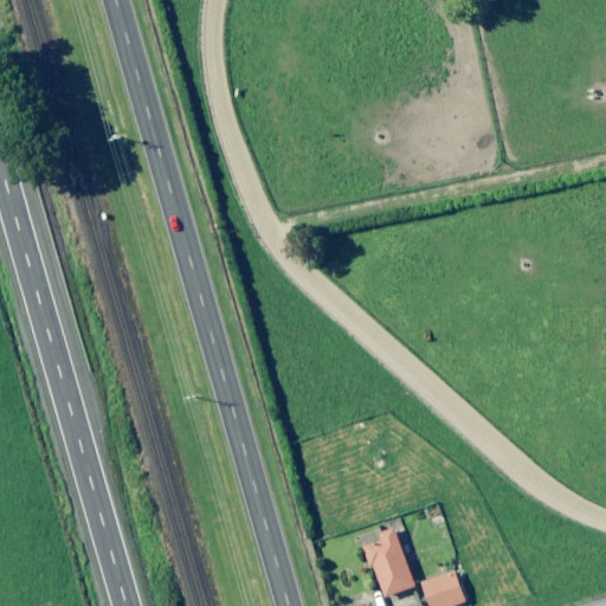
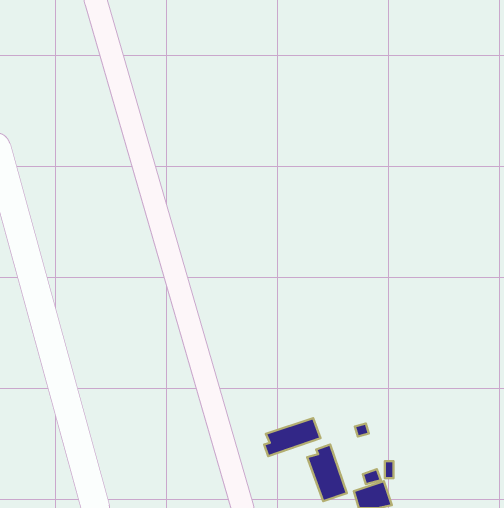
building: none -> [264,418,321,456]

